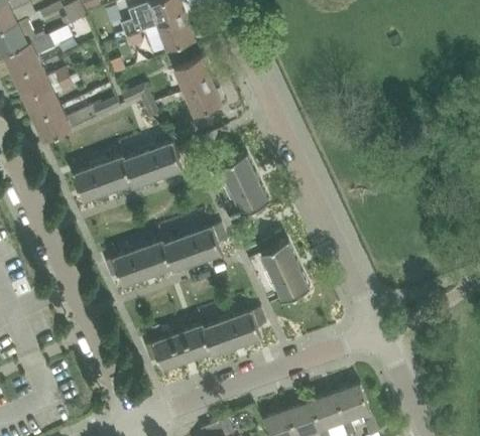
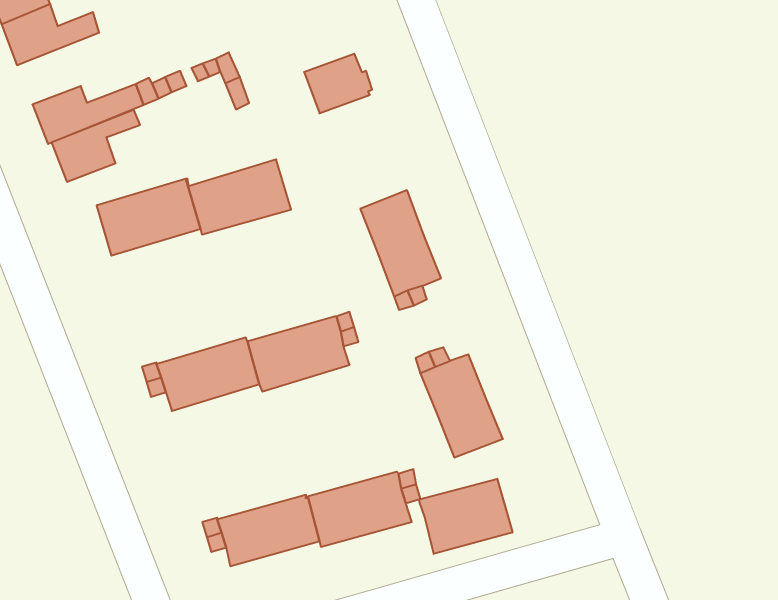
building: [174,59,211,94] -> none
building: [24,80,73,122] -> [51,110,140,182]
building: none -> [419,479,512,554]

